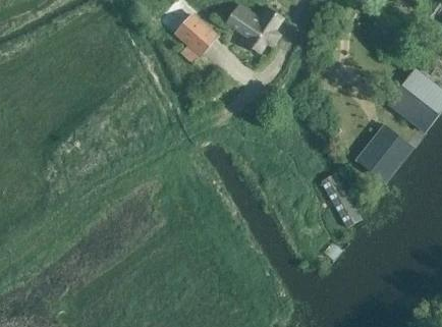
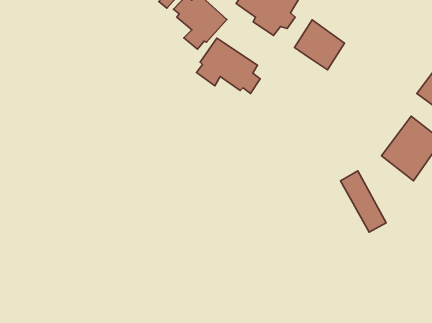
building: none -> [295,20,344,70]
building: none -> [196,38,260,93]

